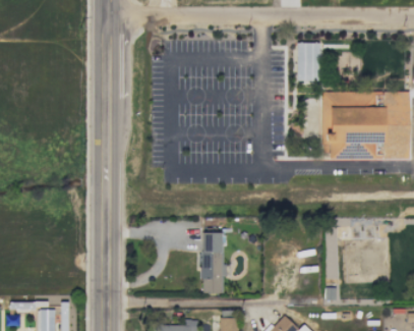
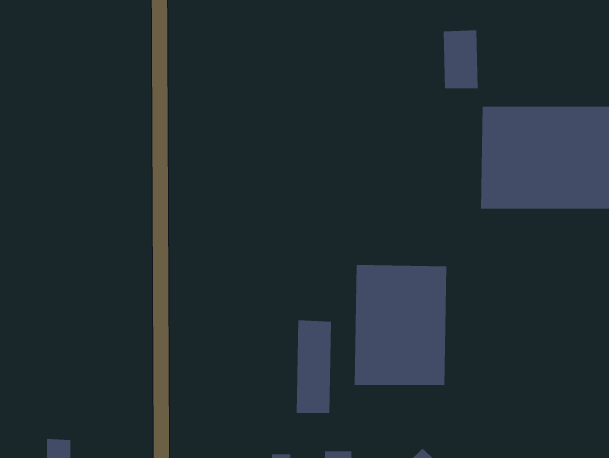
building: none -> [354,264,447,386]

